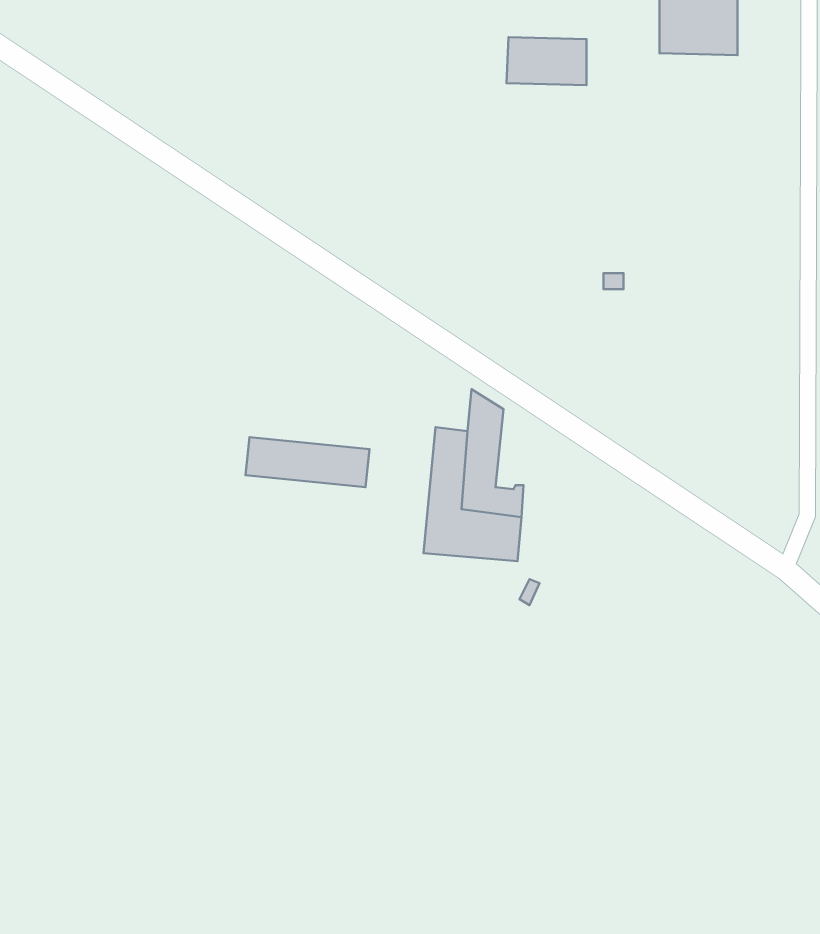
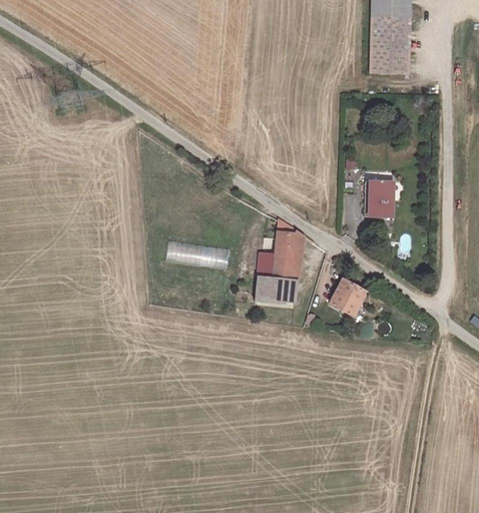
building: [506,37,586,85] -> [370,46,410,70]
building: none -> [365,184,396,222]
building: none -> [327,281,364,315]

